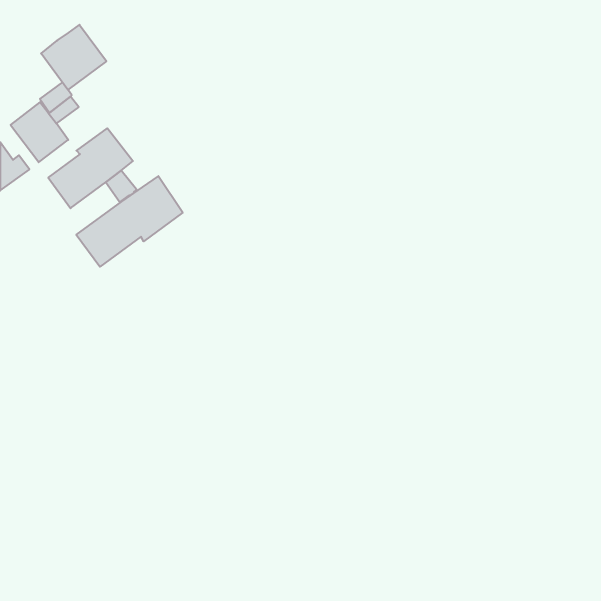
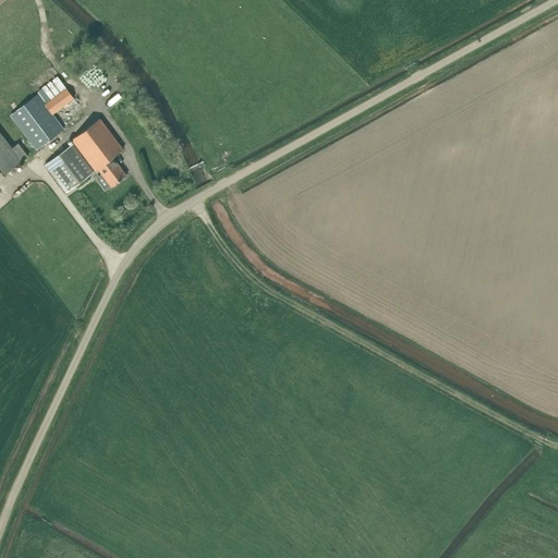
building: [41,25,106,90] -> none
building: [76,176,183,267] -> none

